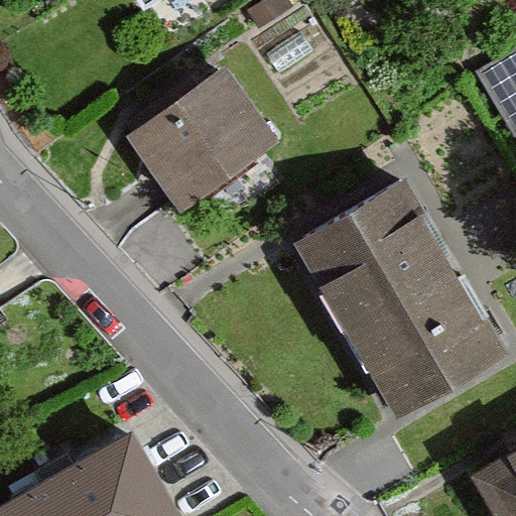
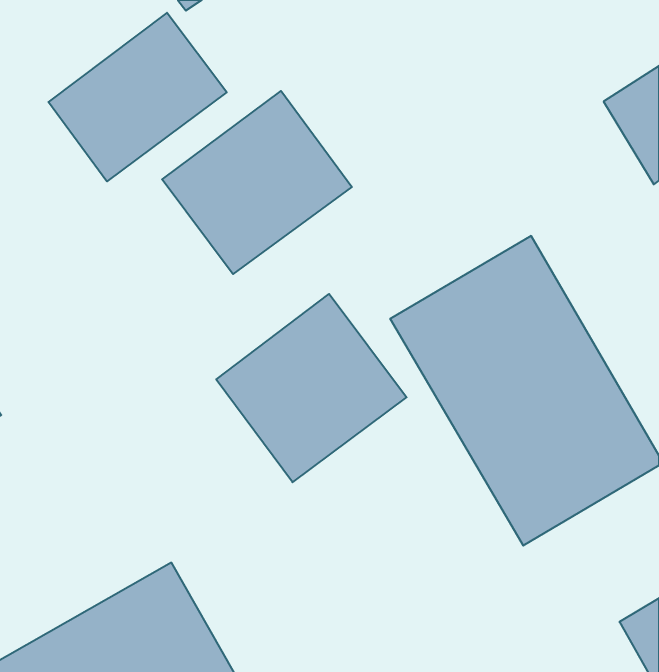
building: none -> [48,13,227,181]
building: none -> [216,294,407,482]

